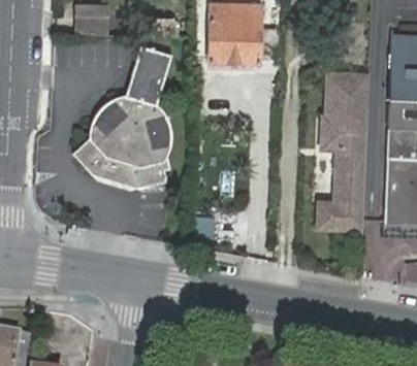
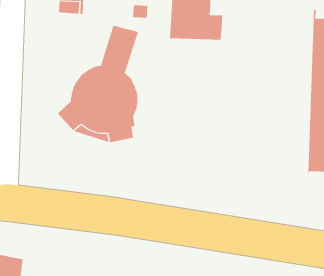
building: [320,75,367,233] -> none

